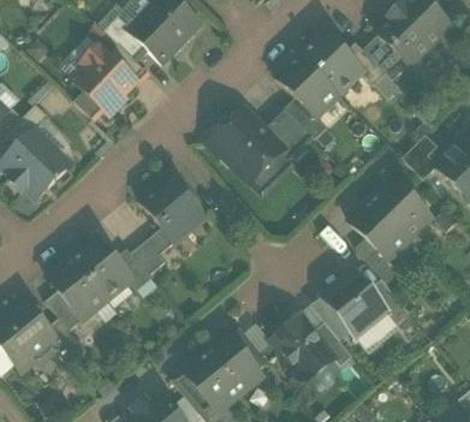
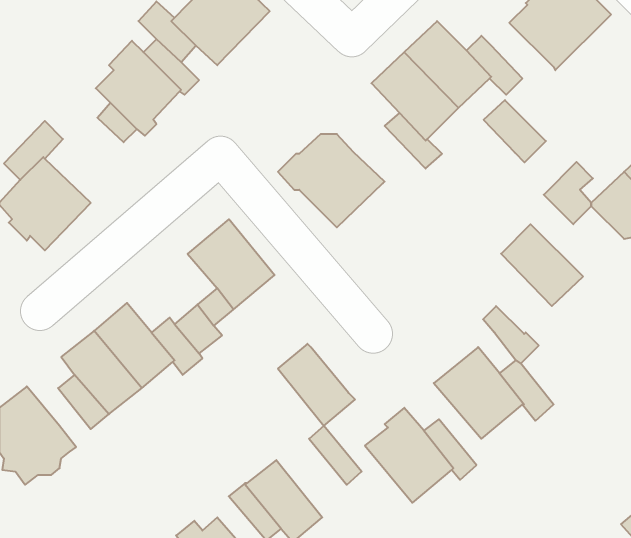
building: [363,34,409,79] -> [484,100,546,162]
building: [262,106,314,157] -> none
building: [350,201,407,260] -> none
building: [47,316,87,364] -> none
building: [206,334,262,394] -> [278,344,355,426]

